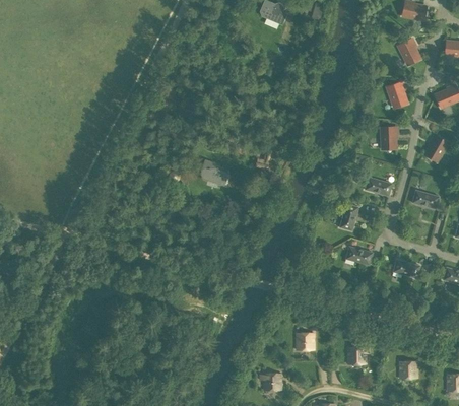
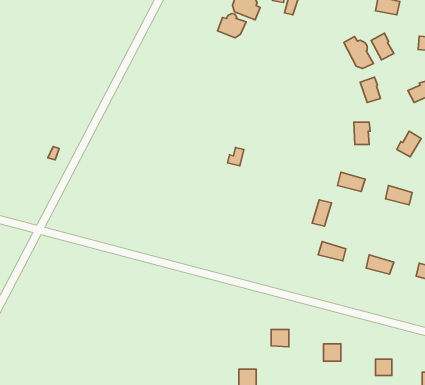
building: none -> [217,14,246,38]
building: none -> [344,37,374,68]
building: [198,158,227,186] -> none

